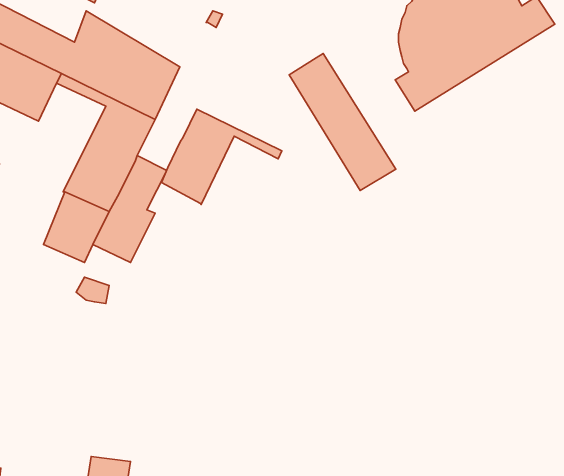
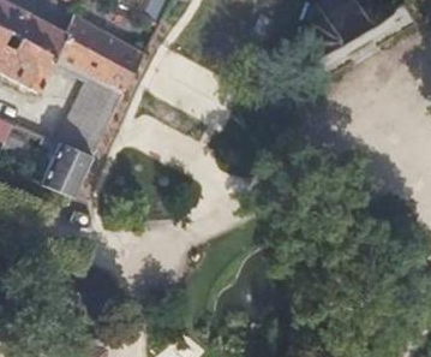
building: [289,53,396,191] -> none
building: [161,109,282,204] -> none

